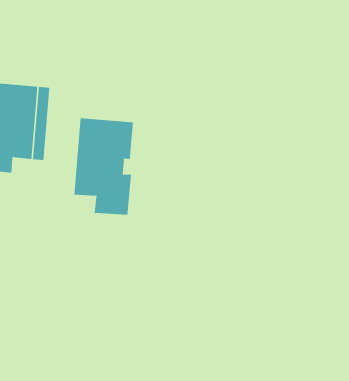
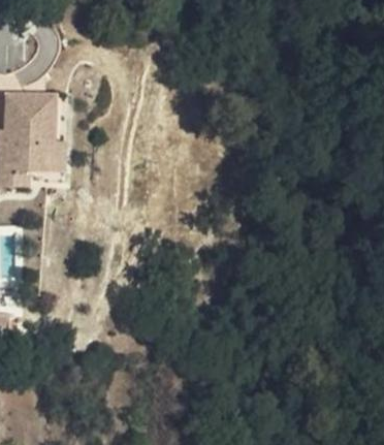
building: [74,118,133,215] -> none

